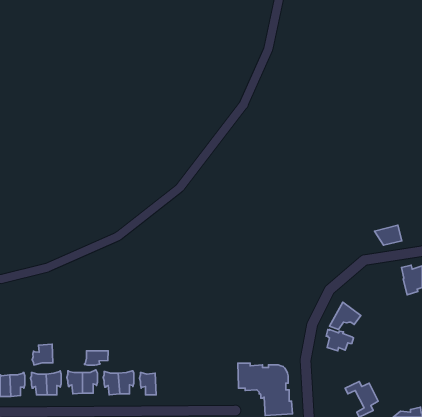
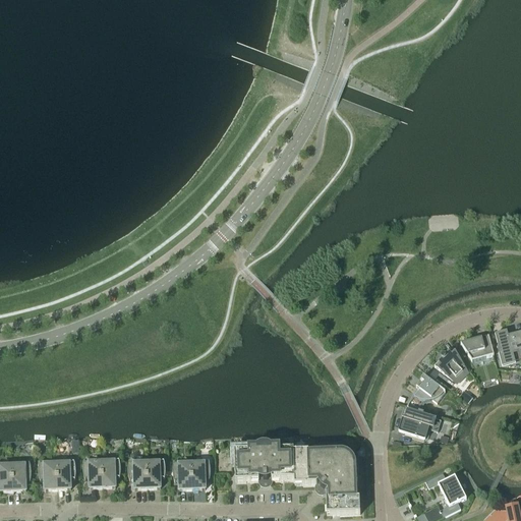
building: [375,225,402,245] -> [460,333,494,357]
building: none -> [433,346,468,381]
building: [32,344,53,365] -> none
building: [84,351,108,365] -> none
building: none -> [234,444,294,481]
building: none -> [191,457,210,486]

